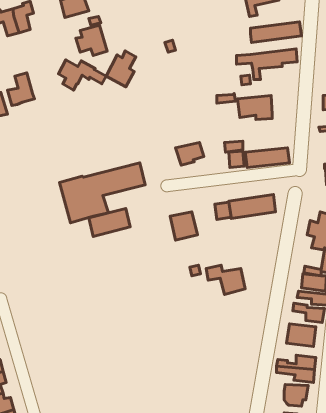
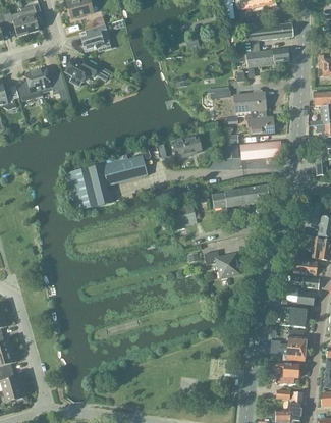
building: [106,51,136,87] -> none
building: none -> [36,67,61,93]
building: none -> [247,113,274,137]
building: [89,208,130,236] -> none

